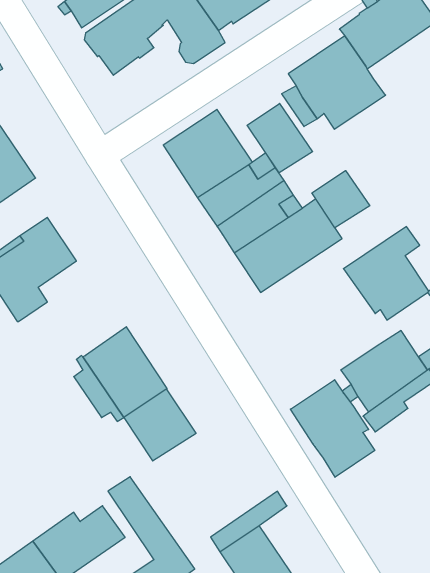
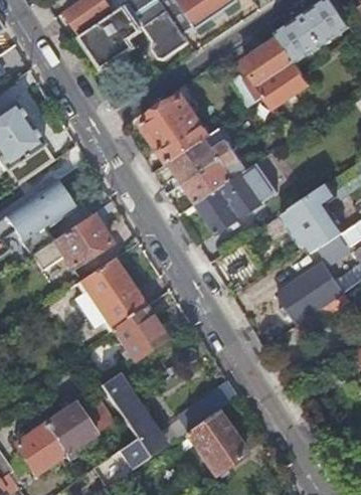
building: [247,103,313,173] -> none
building: [312,171,370,228] -> none
building: none -> [31,213,111,270]
building: [290,380,375,477] -> none

